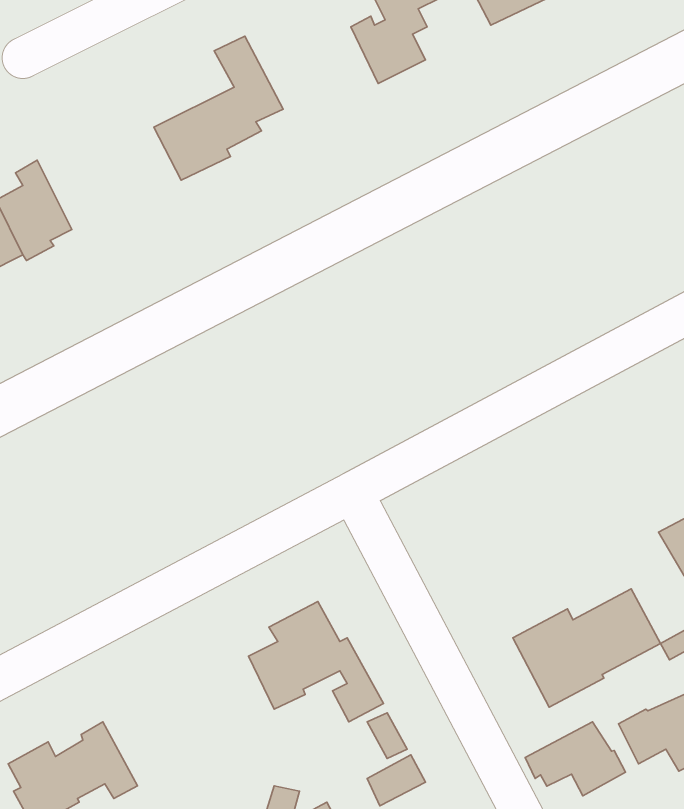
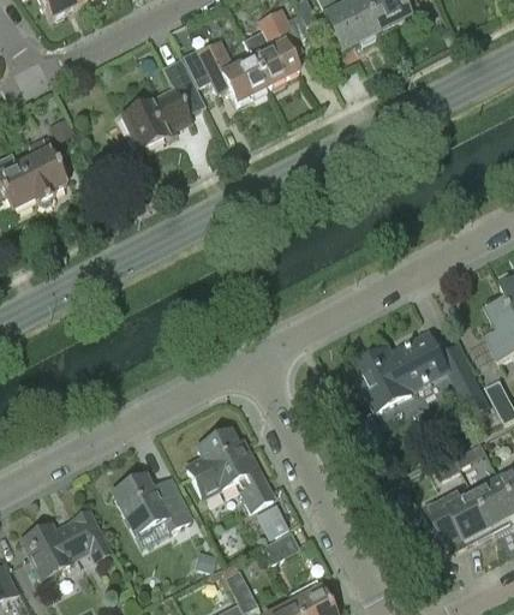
building: none -> [181,37,268,102]
building: [513,589,660,707] -> [352,332,449,410]
building: none -> [112,472,190,531]
building: [525,722,625,796] -> none

